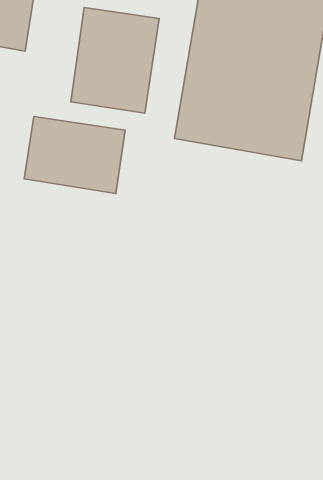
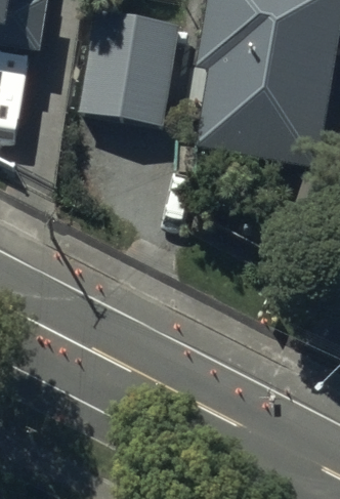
building: [24,117,125,193] -> none

